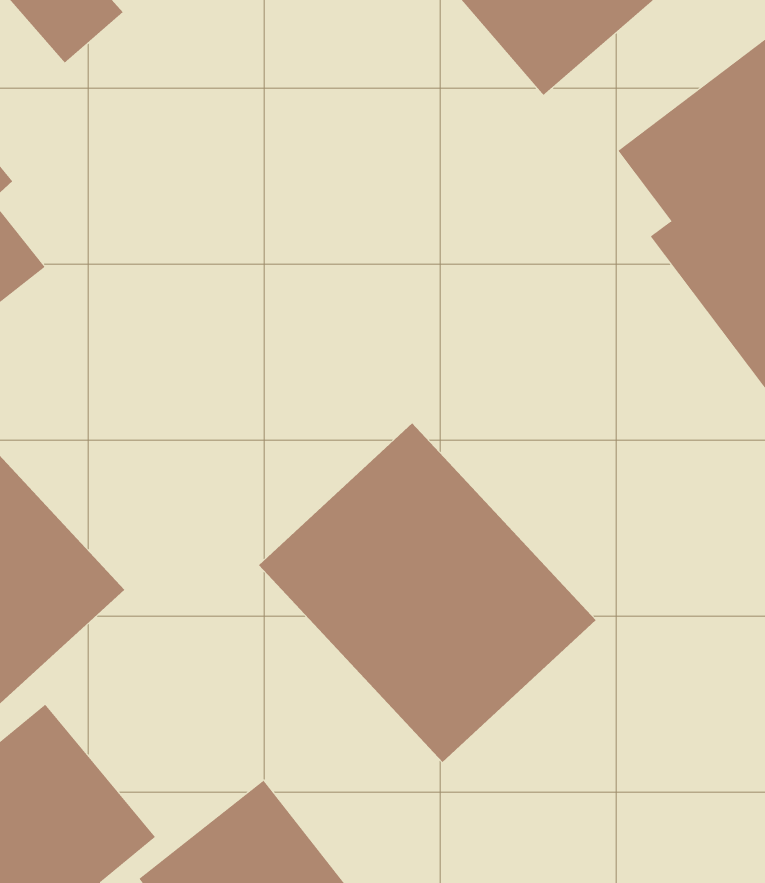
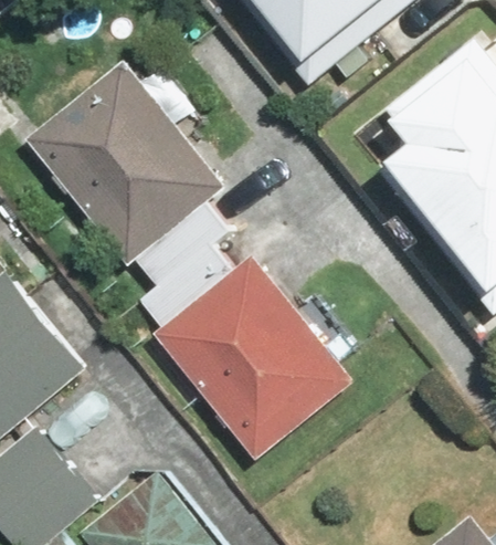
building: none -> [30,66,219,260]

